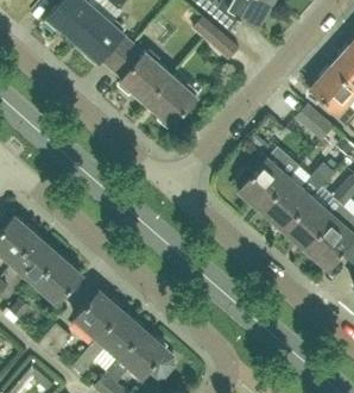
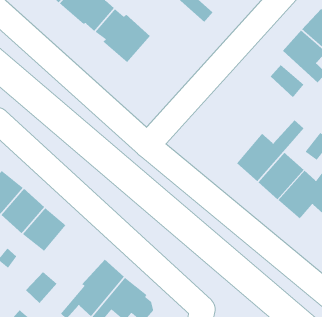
building: [145,75,196,126] -> none
building: [238,146,297,210] -> none
building: [74,291,121,338] -> none

